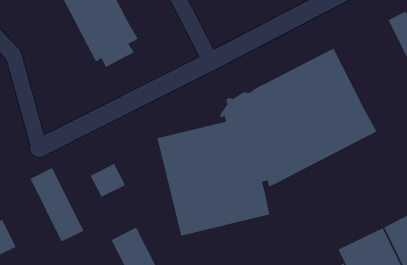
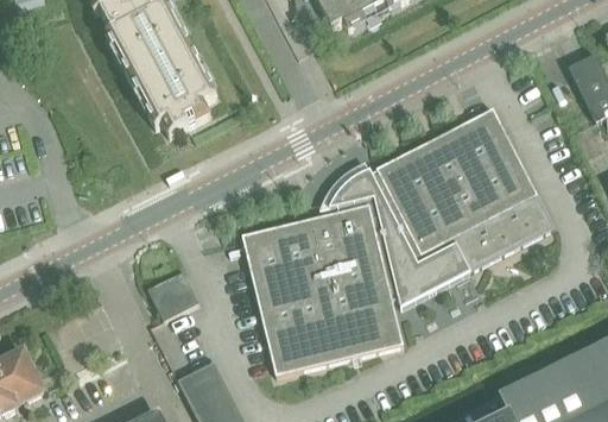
building: [30,167,85,243] -> none

